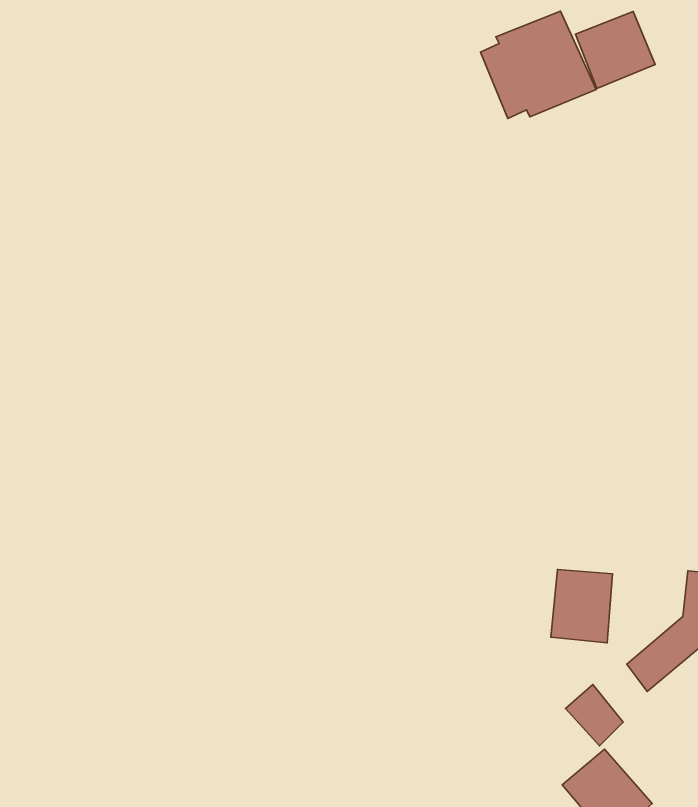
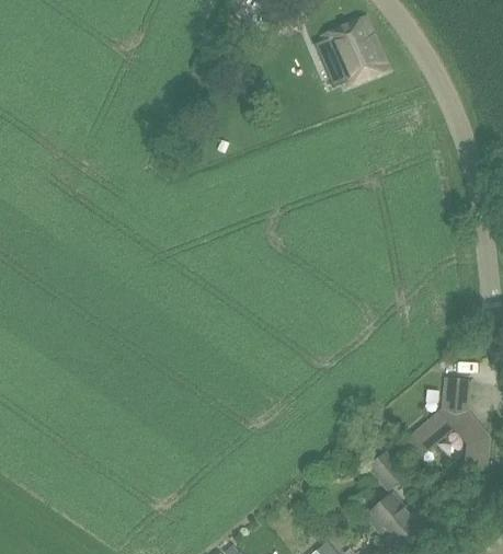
building: [575,12,655,89] -> none
building: [551,570,613,643] -> none

